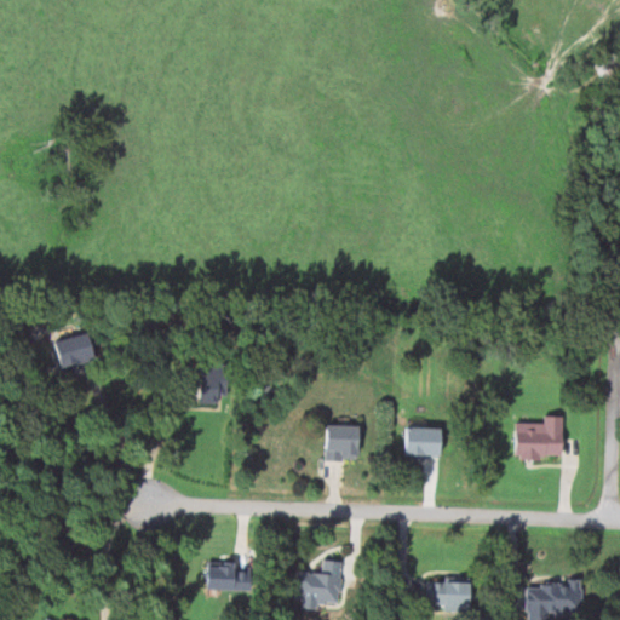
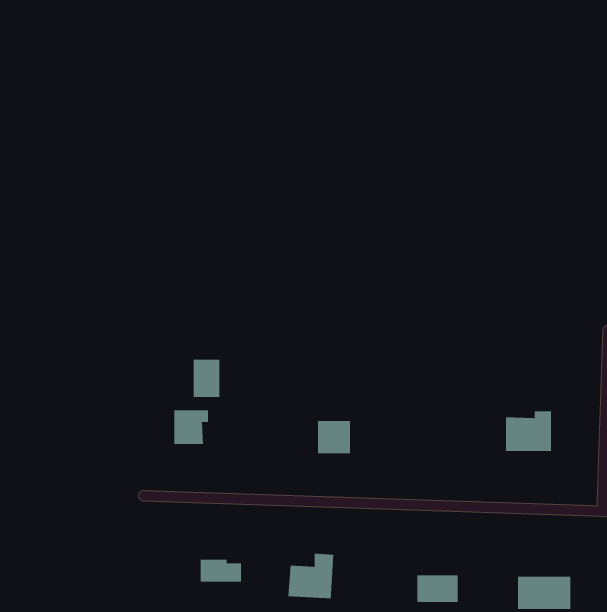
building: [53,331,94,368] -> none
building: none -> [174,409,209,445]
building: [406,427,441,457] -> none

